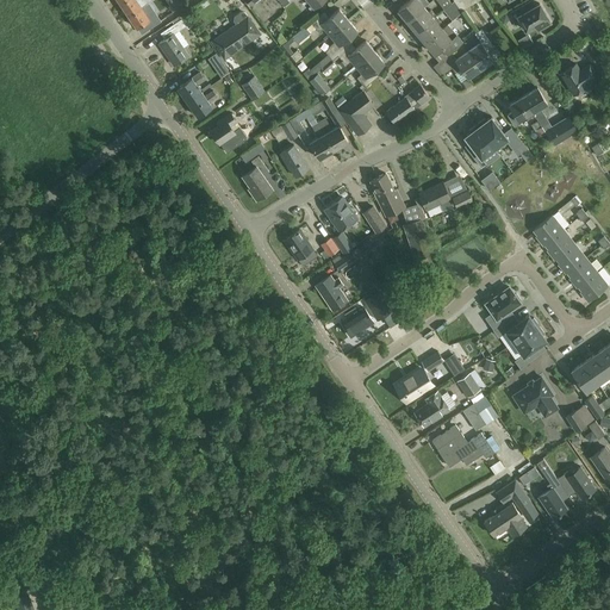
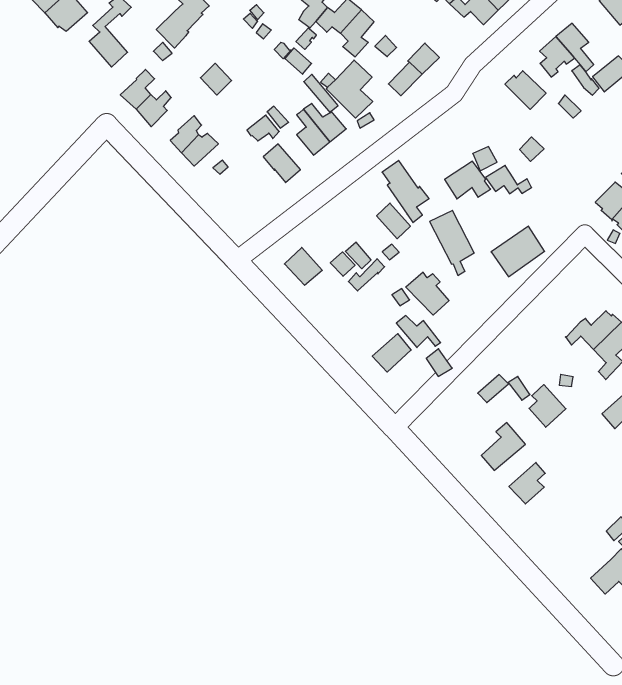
building: [466,127,493,168] -> none
building: [242,157,272,201] -> none
building: [324,198,356,231] -> none
building: [315,276,347,311] -> [406,272,449,315]
building: [485,288,519,331] -> none
building: [396,374,431,402] -> none
building: [463,397,498,430] -> none
building: [442,434,493,467] -> none

